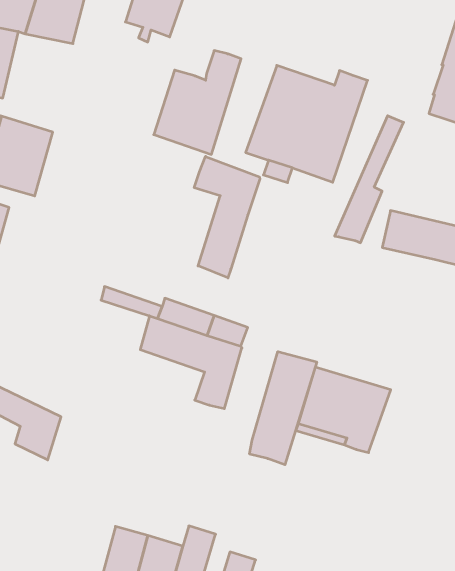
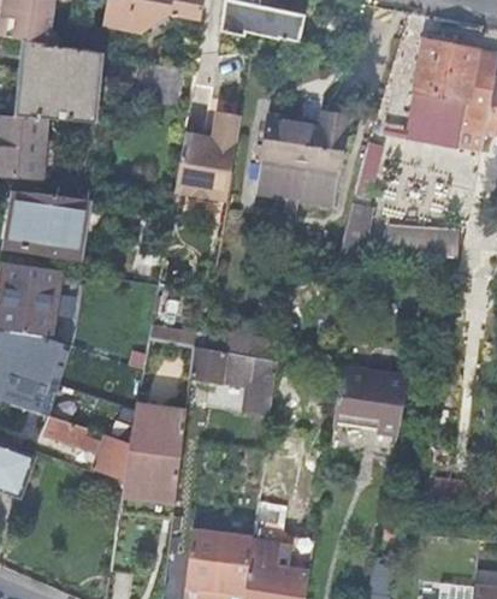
building: [194,156,260,278] -> none
building: [250,352,317,465] -> none
building: none -> [120,403,185,517]

